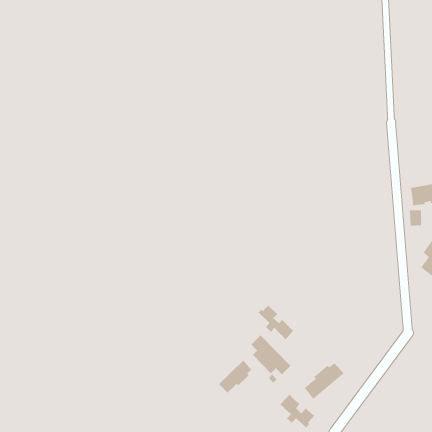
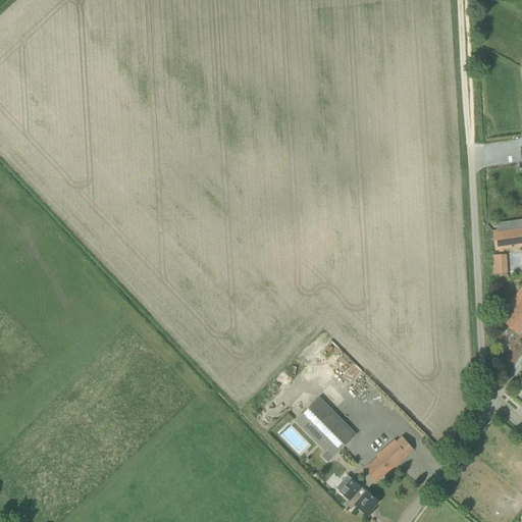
building: [258,305,294,340] -> none
building: [218,360,252,393] -> none

